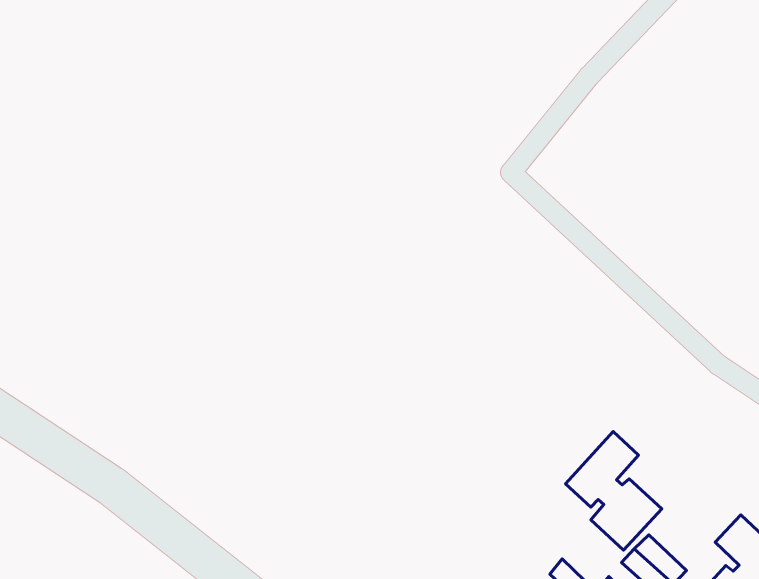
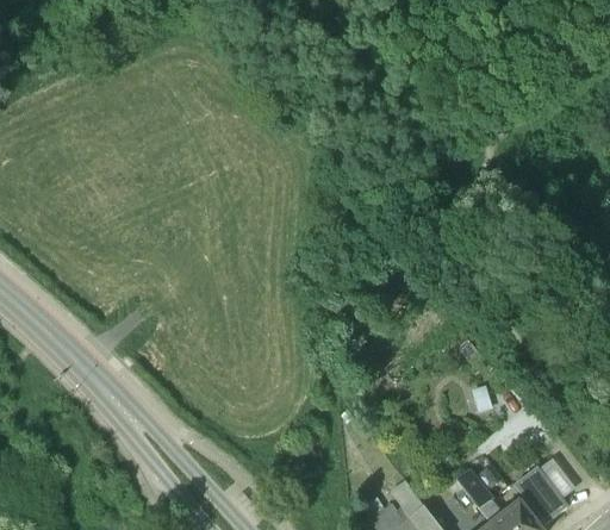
building: [566,432,662,550] -> none

